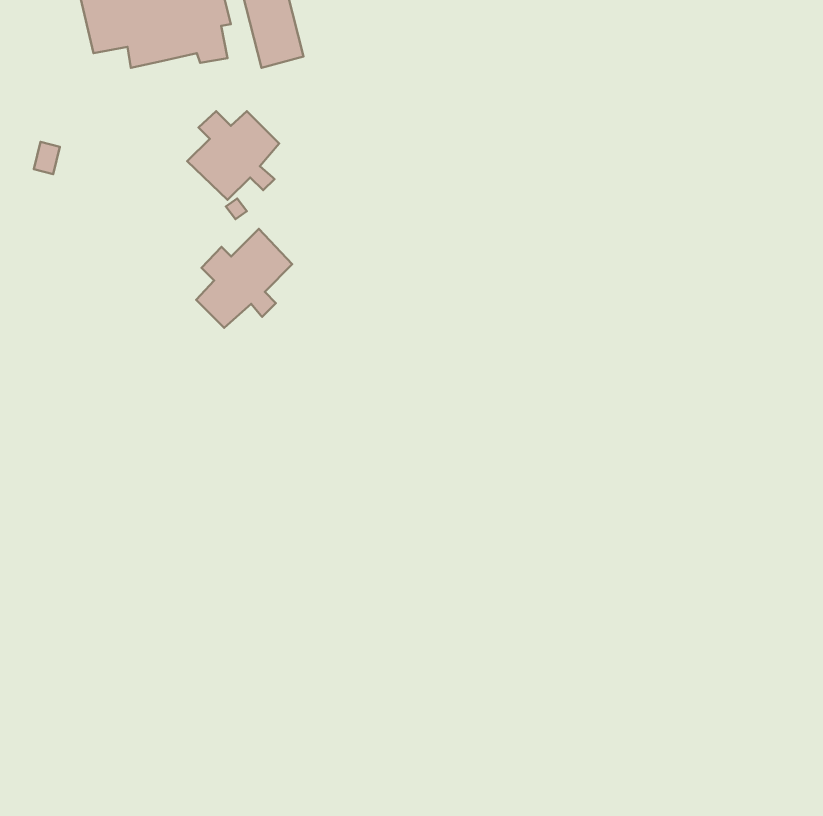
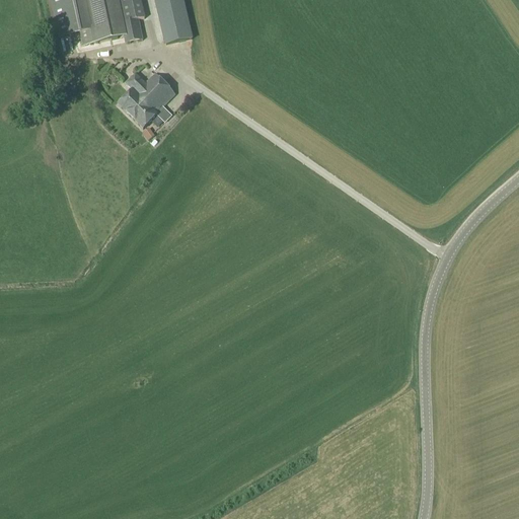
building: [196,229,292,328] -> none

